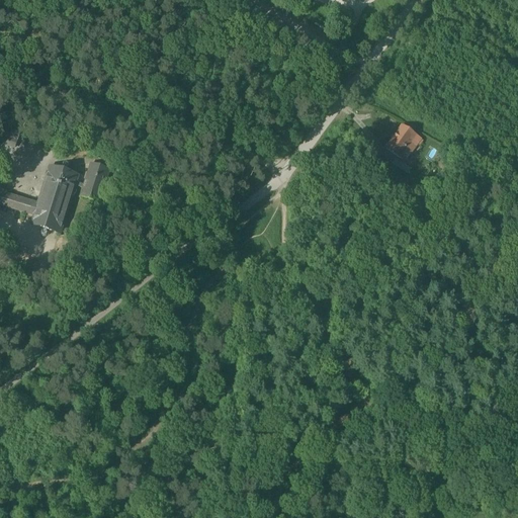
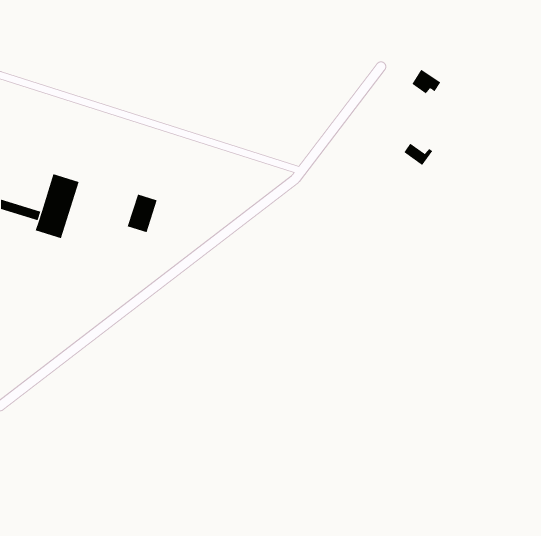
building: [392,122,420,147] -> [411,69,441,94]
building: [80,162,109,199] -> [127,194,158,233]

